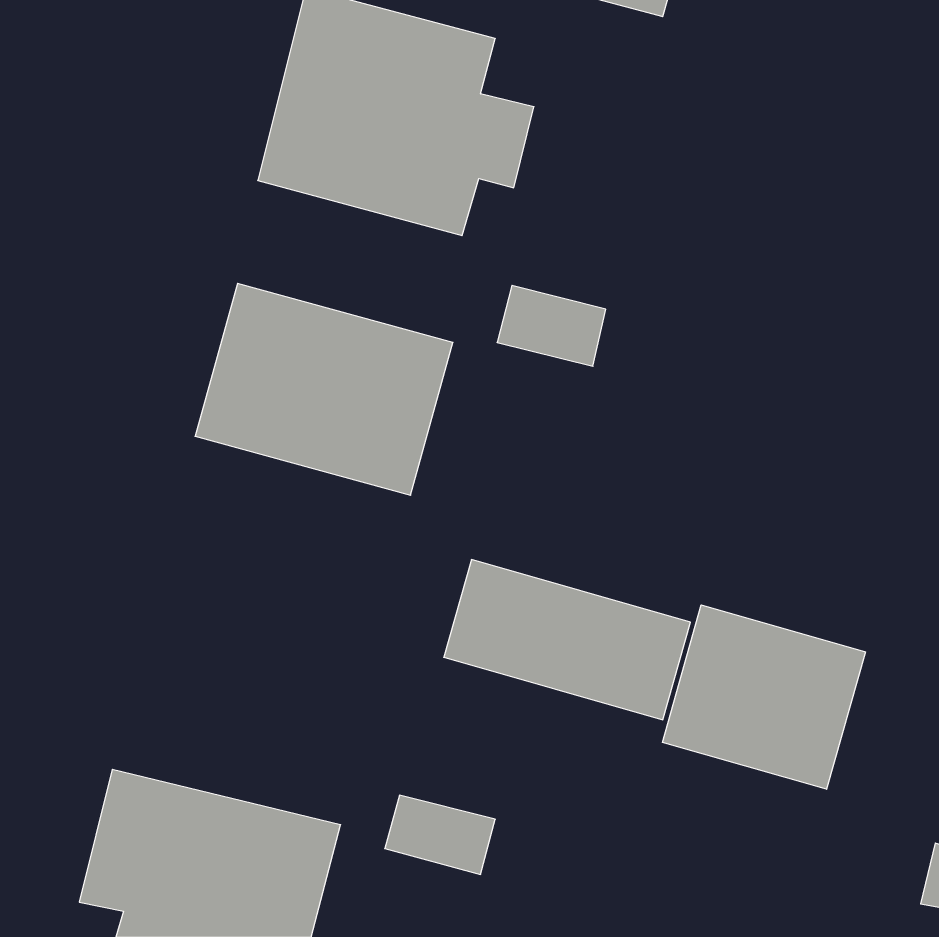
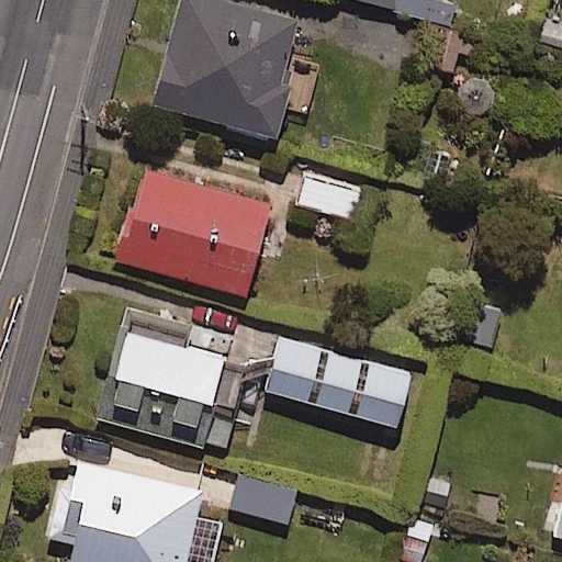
building: none -> [100,308,251,456]
building: [662,605,865,789] -> none

